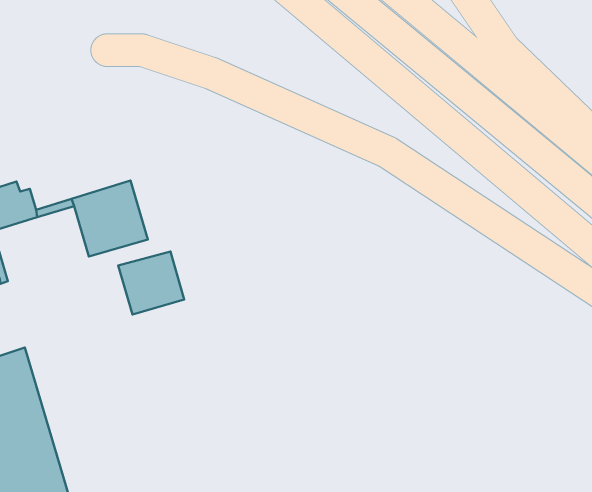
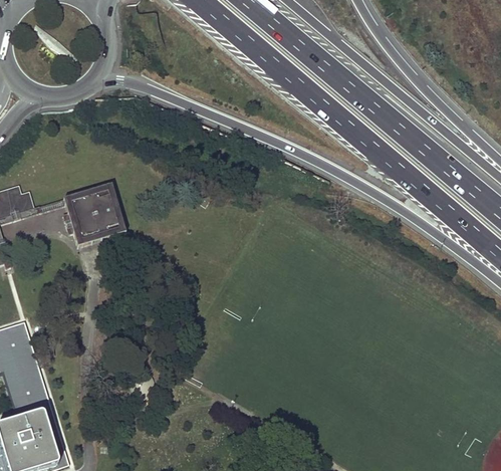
building: [118,251,184,315] -> none

